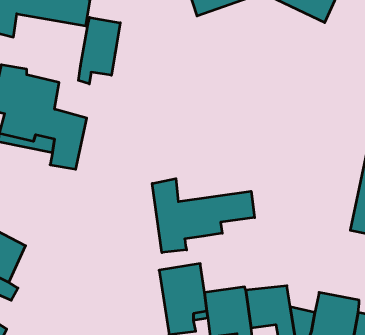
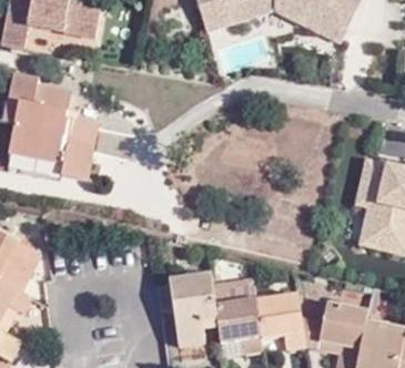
building: [78,17,120,84] -> none
building: [152,179,255,253] -> none

